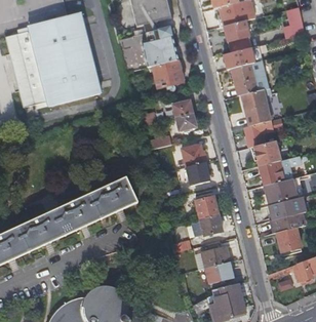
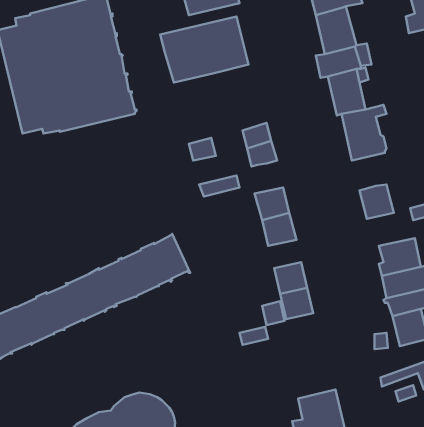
building: [153,61,183,88] -> none
building: [243,118,282,148] -> none
building: [259,161,292,186] -> none
building: [200,246,233,283] -> none

